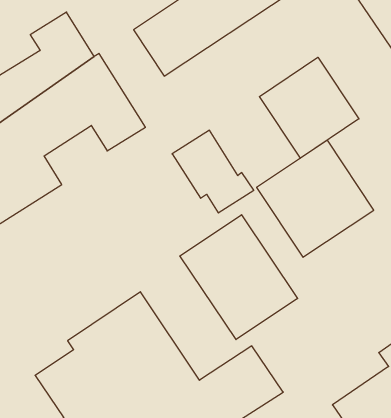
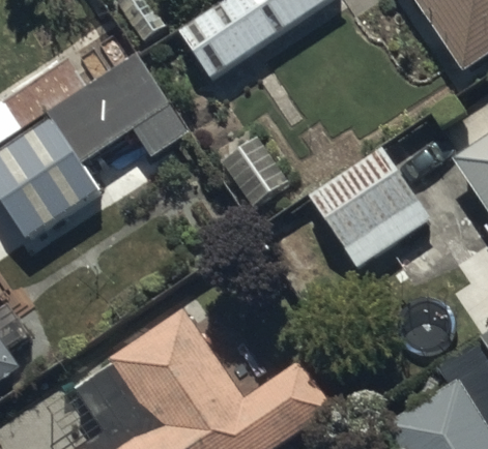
building: [259,57,359,158] -> none
building: [180,215,298,340] -> none

